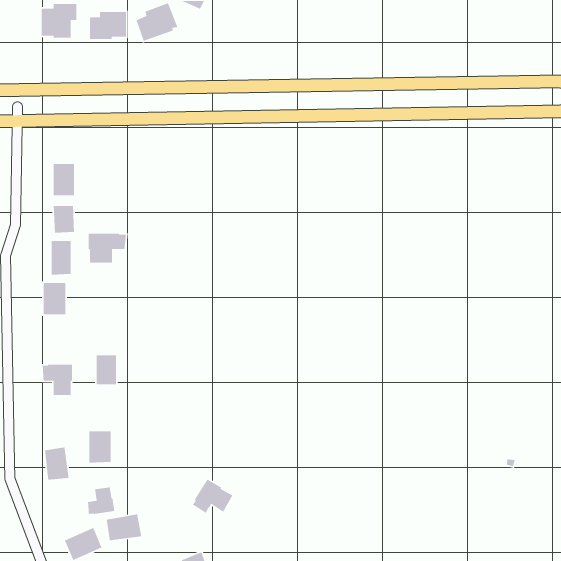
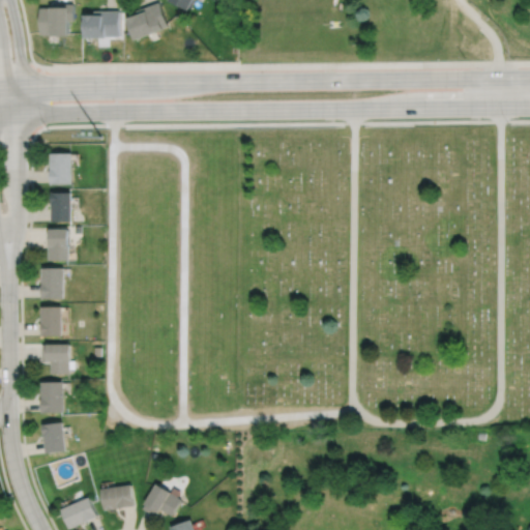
building: [88,233,127,263] -> none
building: [96,354,117,385] -> [40,306,60,335]
building: [88,430,112,463] -> [40,382,62,413]
building: [192,479,234,514] -> [141,484,180,518]
building: [87,486,115,515] -> none

